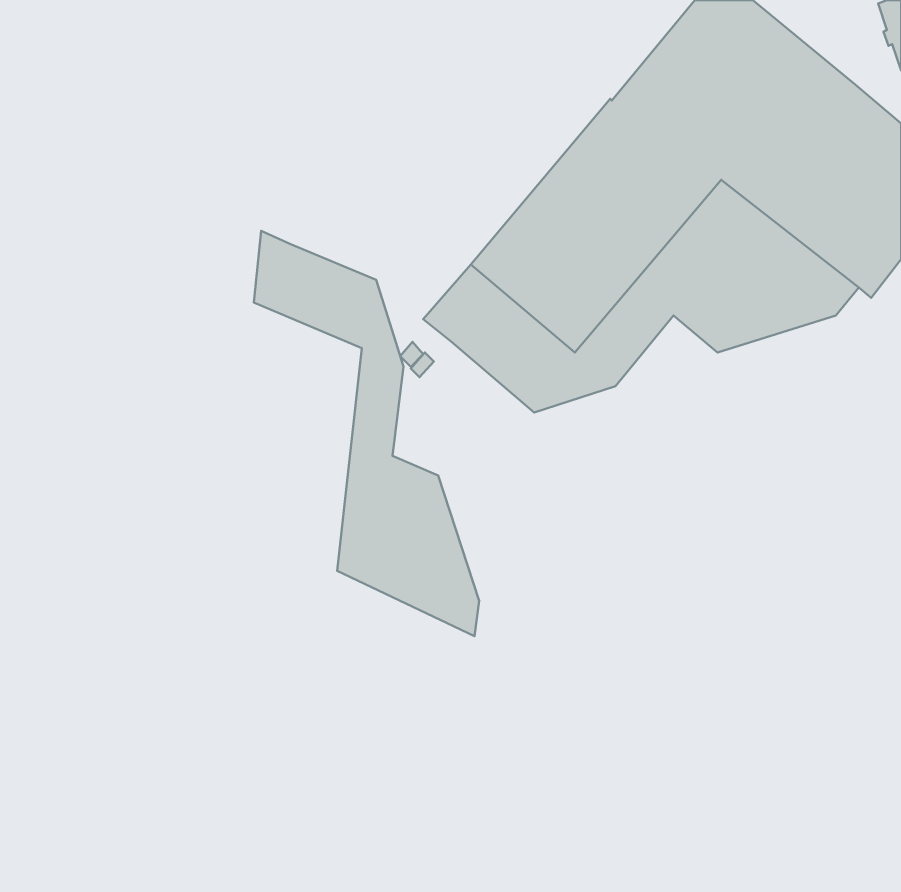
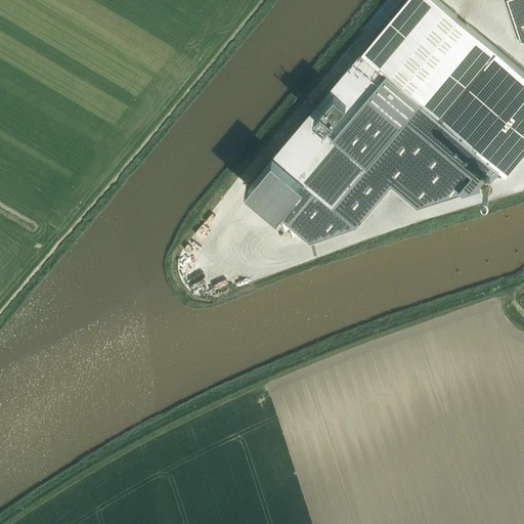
building: [254,231,479,636] -> none

